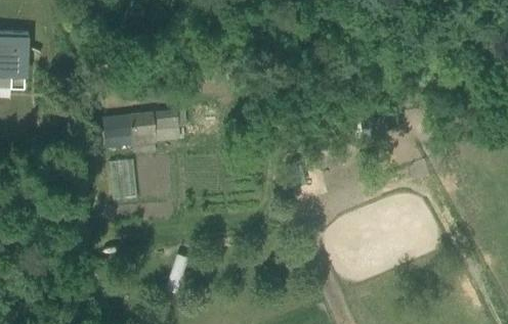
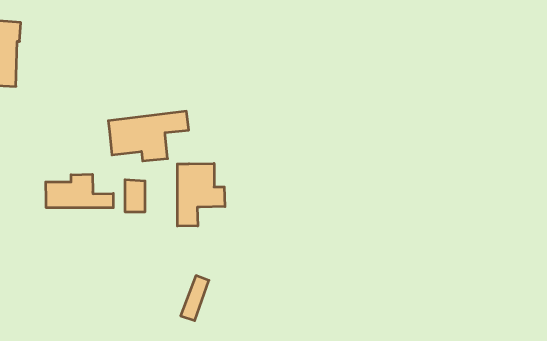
building: none -> [177,163,225,226]
building: none -> [46,174,113,208]

